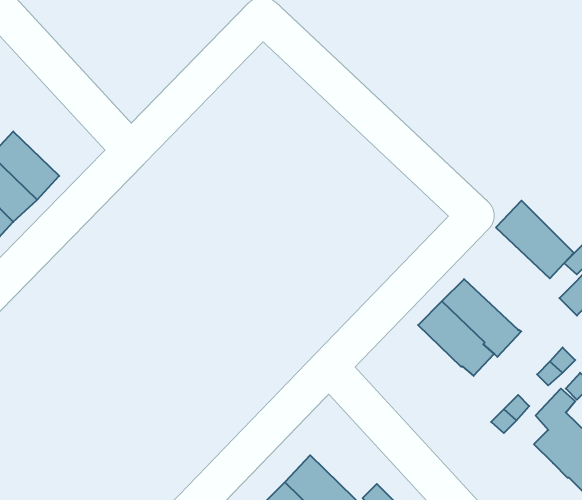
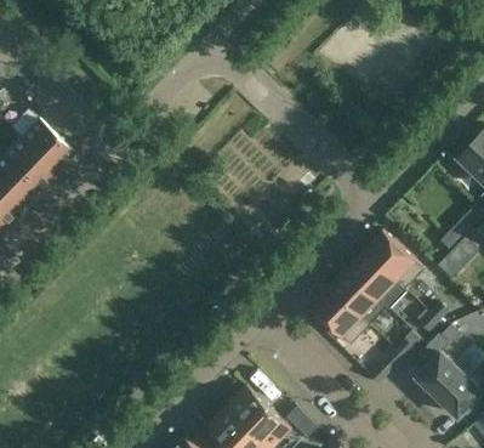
building: none -> [19,119,73,171]
building: [496,201,574,278] -> [364,229,423,289]
building: none -> [309,285,371,345]

